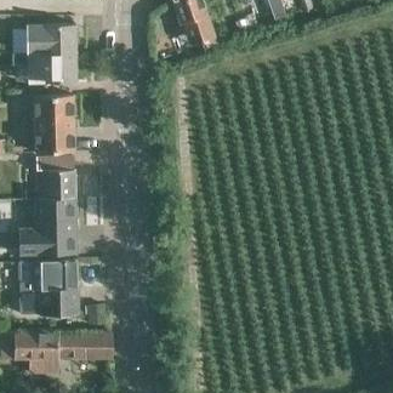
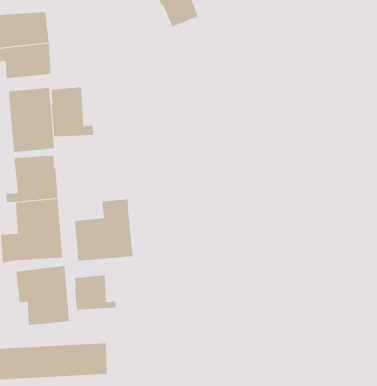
building: none -> [51,86,94,137]
building: none -> [75,198,133,262]
building: none -> [74,274,116,310]

